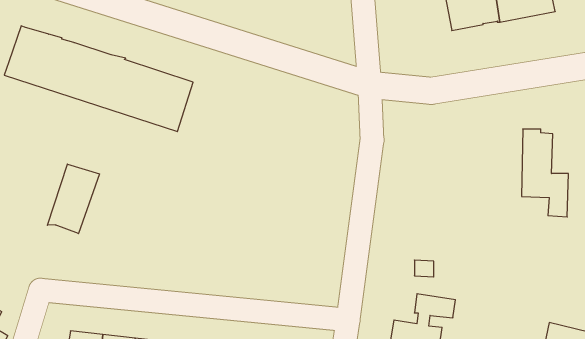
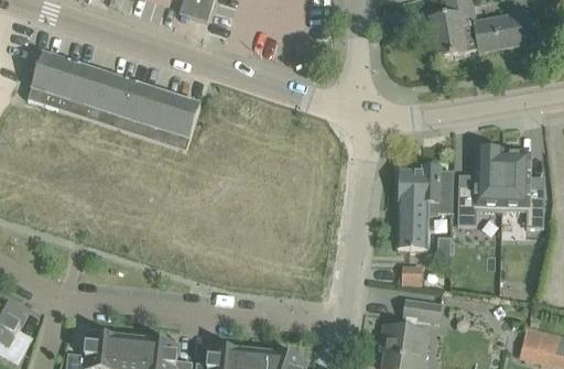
building: none -> [457,146,502,225]
building: none -> [398,161,454,250]
building: [47,164,99,234] -> none

